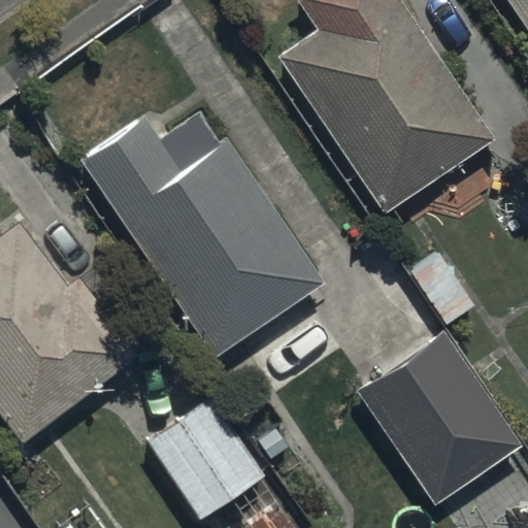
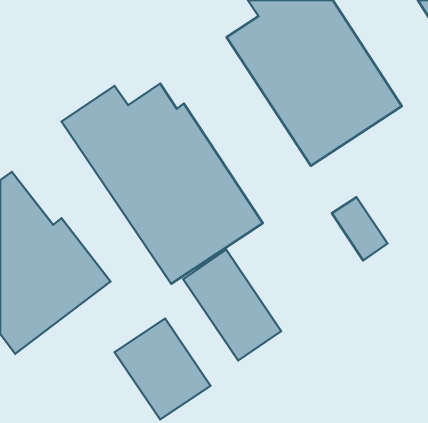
building: none -> [183,250,281,361]
building: [359,337,501,483] -> none

